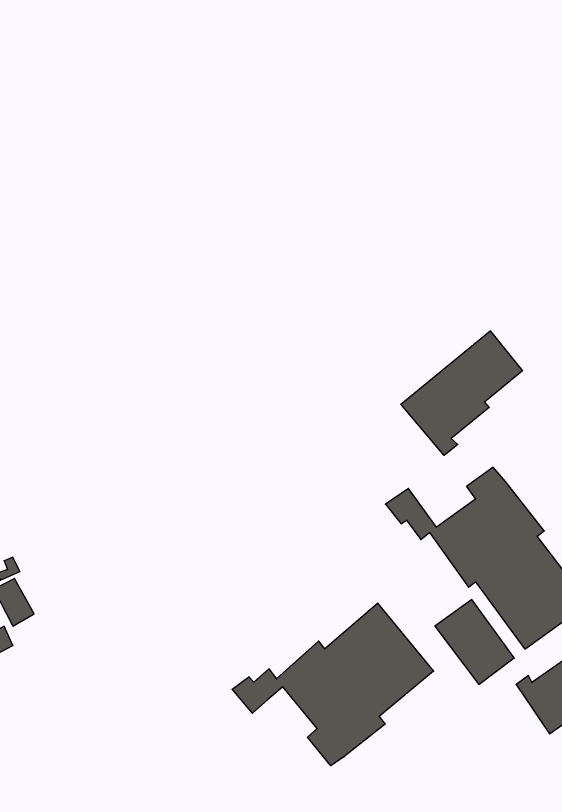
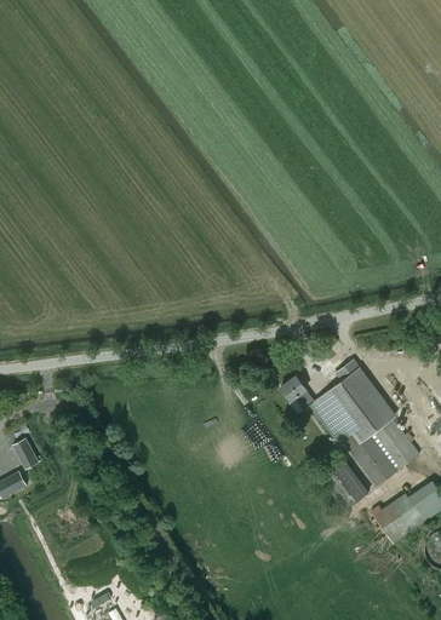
building: [401,331,522,455] -> none
building: [232,603,434,766] -> none

